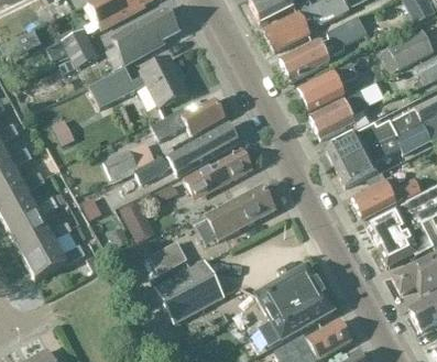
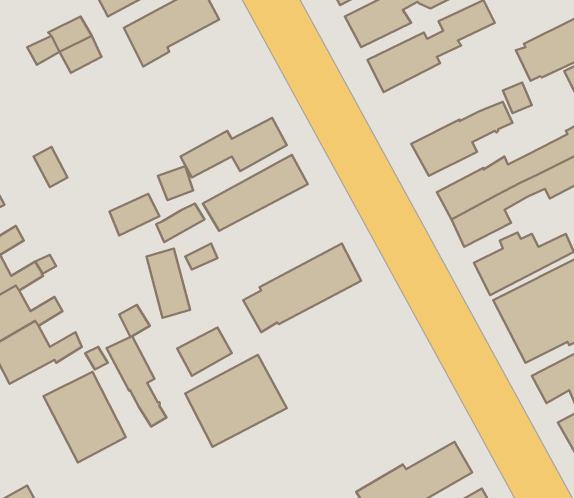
building: [88,56,188,108] -> none
building: [298,62,359,111] -> none
building: [183,149,253,199] -> none
building: none -> [107,336,166,426]
building: [256,264,334,347] -> none
building: none -> [43,372,126,463]

